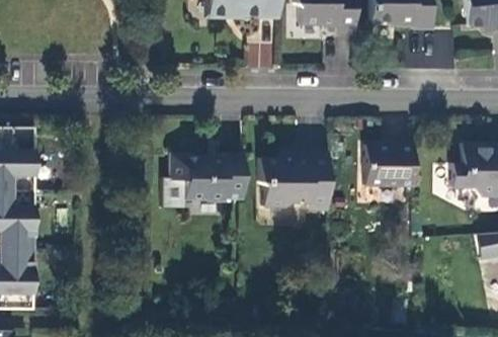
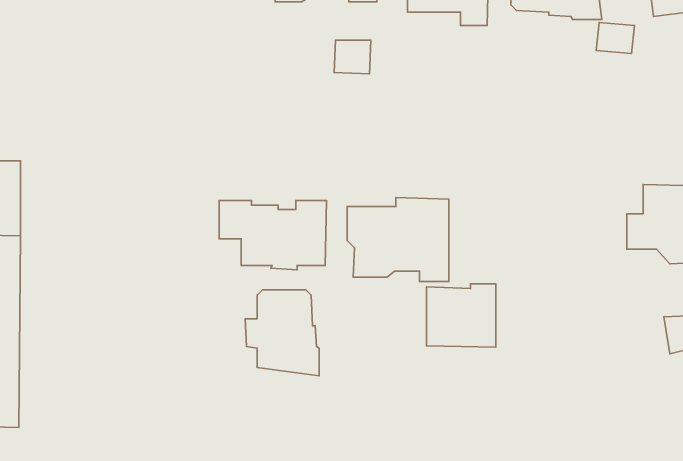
building: [364,143,412,186] -> [426,284,496,347]
building: none -> [245,290,319,376]

